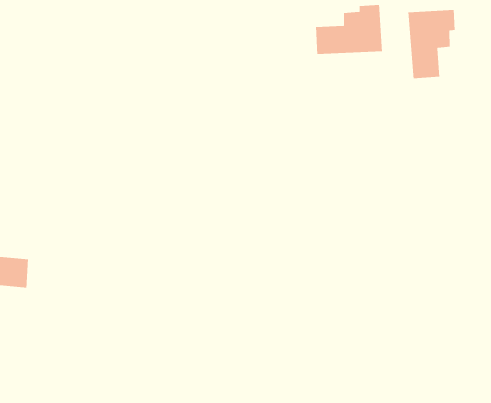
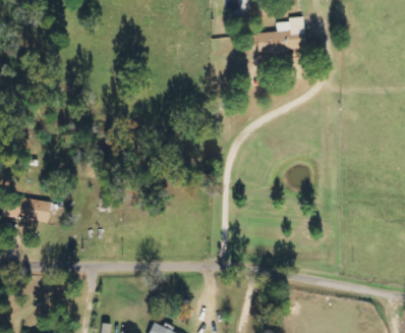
building: [408,9,456,79] -> none

